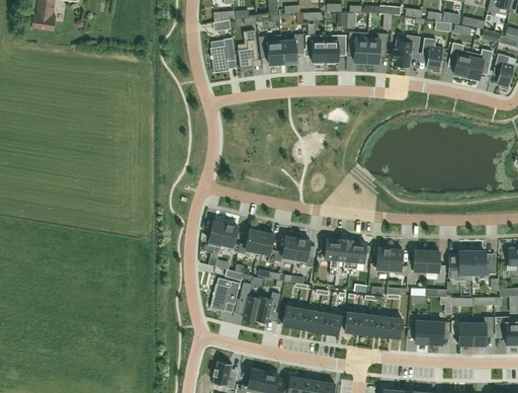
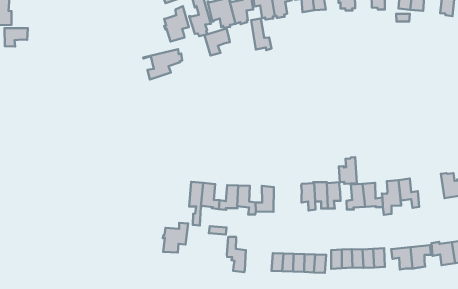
building: none -> [5,28,28,47]
building: none -> [251,18,272,50]
building: none -> [204,29,230,55]
building: none -> [143,49,182,80]
building: none -> [339,157,357,184]
building: [294,238,315,266] -> none
building: [449,250,472,278] -> none
building: [210,281,241,311] -> [163,223,188,253]
building: [256,293,280,321] -> none

